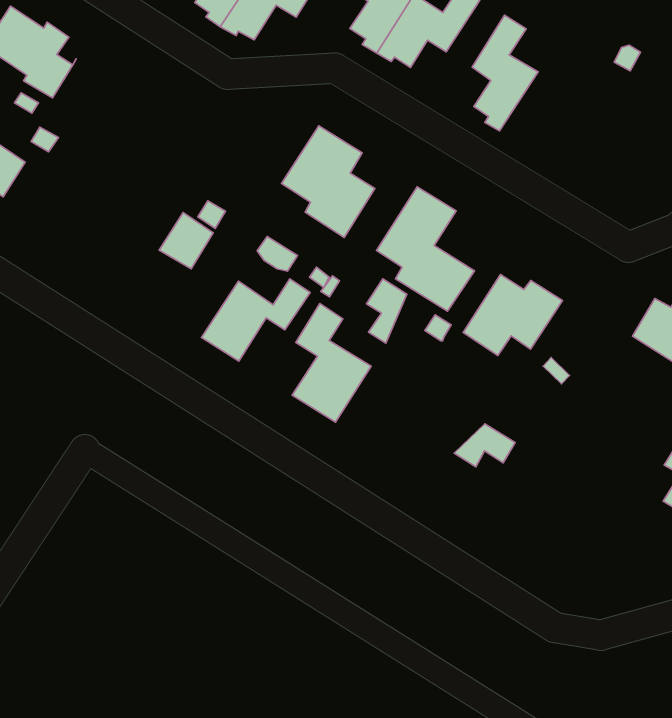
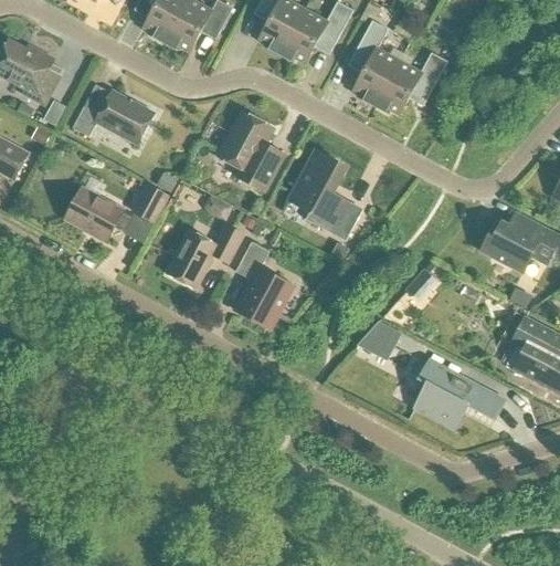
building: none -> [373,52,446,114]
building: none -> [72,90,154,144]
building: none -> [65,187,131,240]
building: [463,274,563,355] -> none
building: [366,279,407,343] -> none
building: none -> [414,359,505,428]

